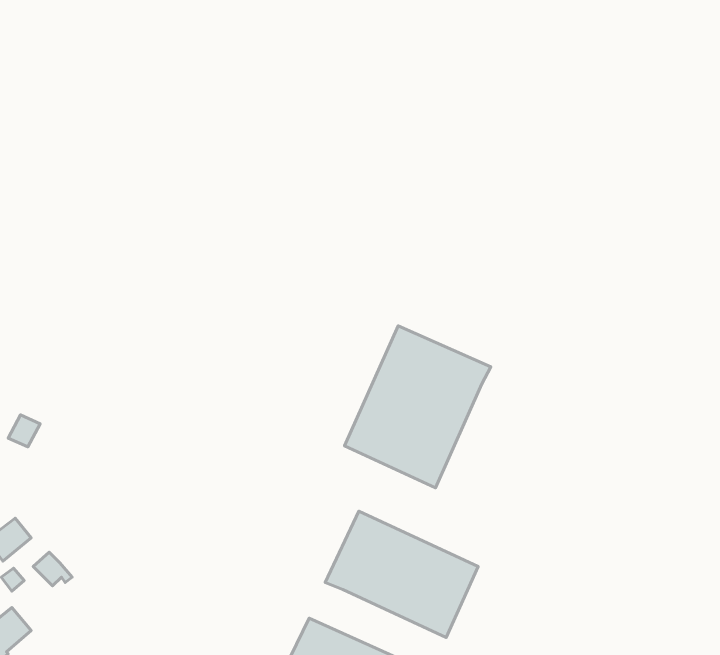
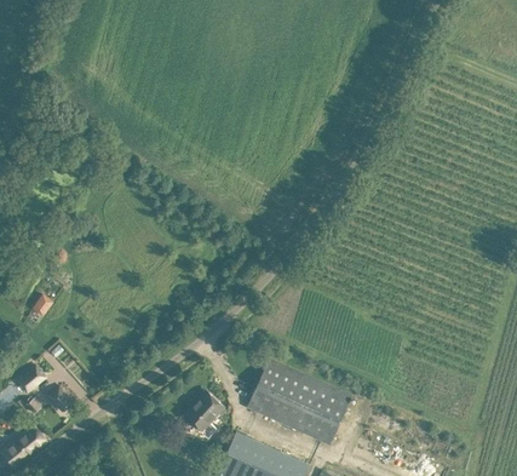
building: [344,326,491,488] -> none
building: none -> [184,392,223,440]

